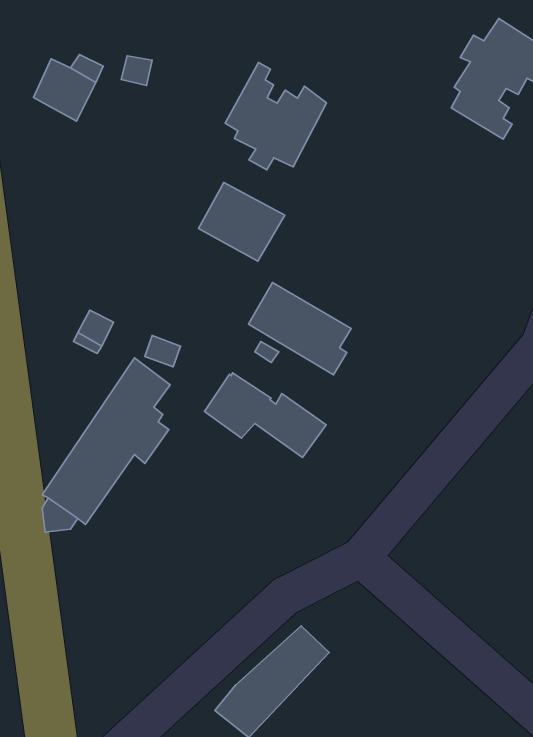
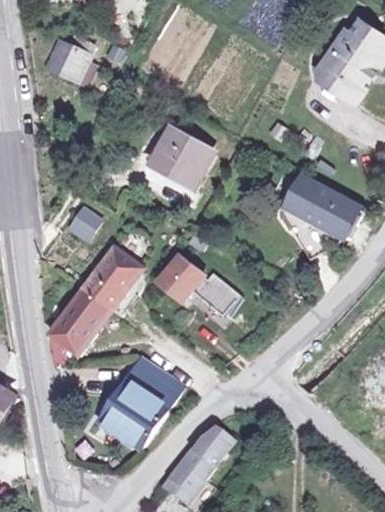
building: [225,62,327,170] -> none
building: [249,282,351,375] -> [288,176,357,238]
building: none -> [94,362,174,447]

